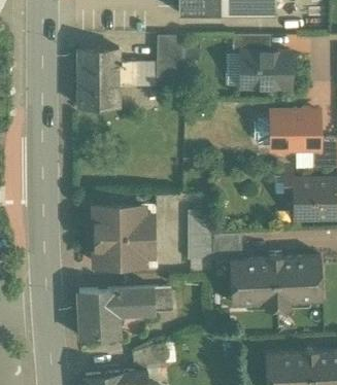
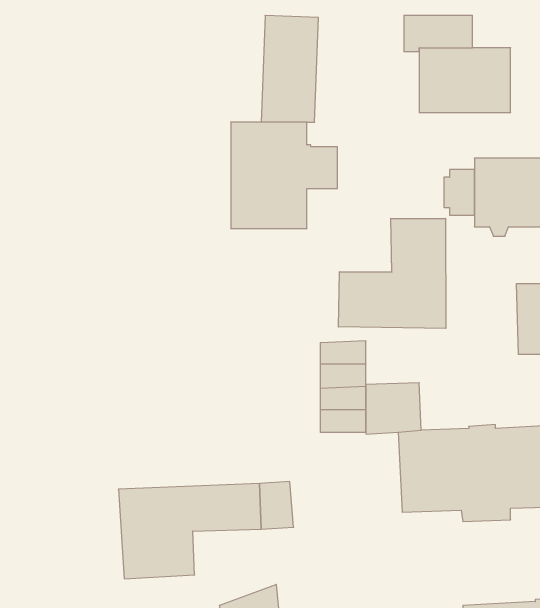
building: [78,49,136,107] -> [231,122,337,229]
building: none -> [338,218,446,328]
building: [94,205,154,266] -> none

